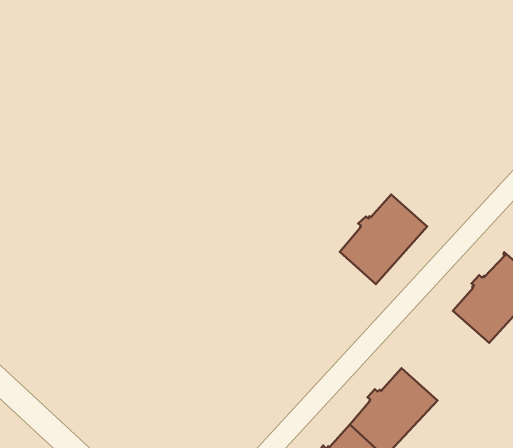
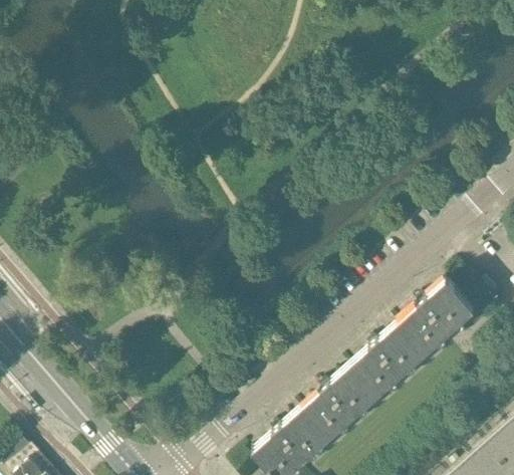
building: [340,194,427,284] -> [352,324,428,398]

